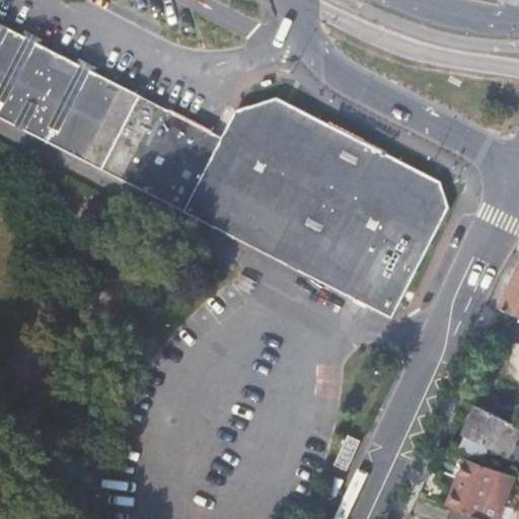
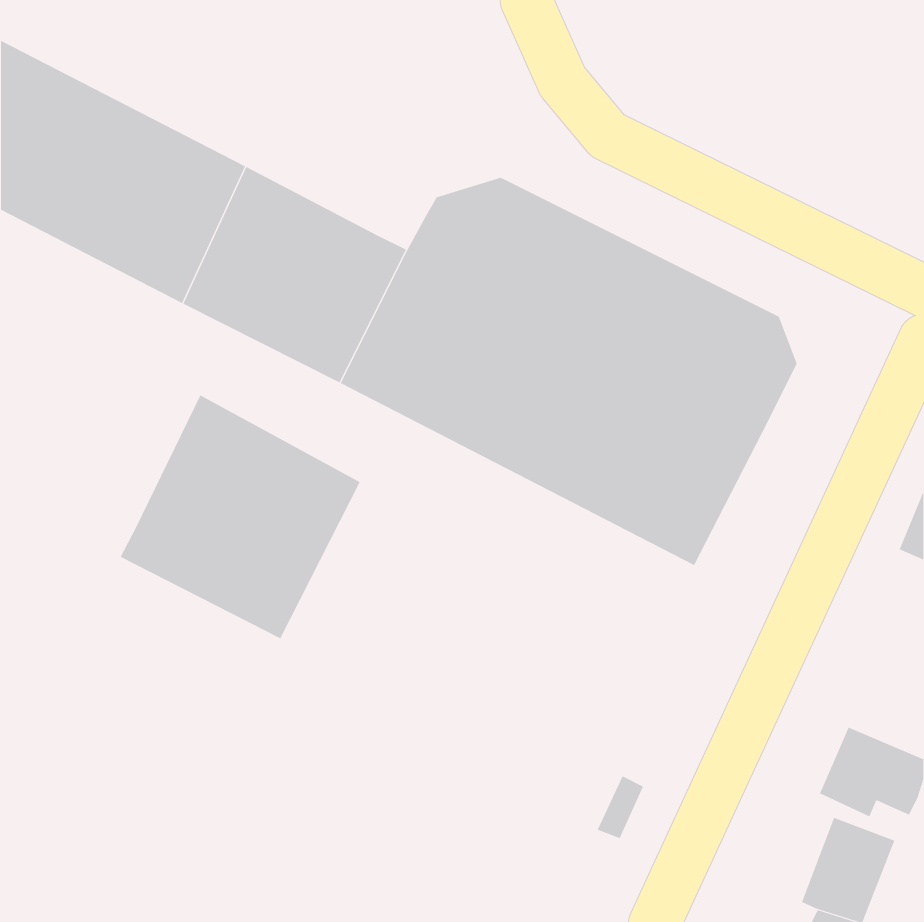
building: none -> [120,394,360,639]

